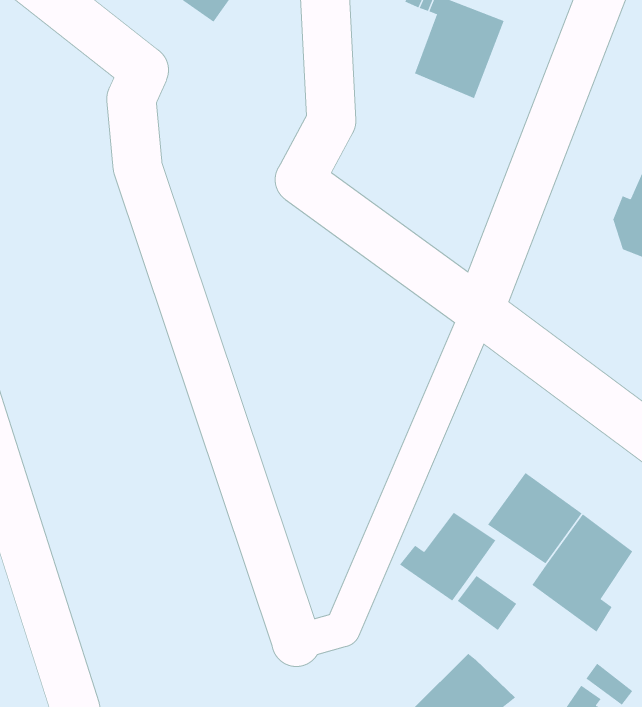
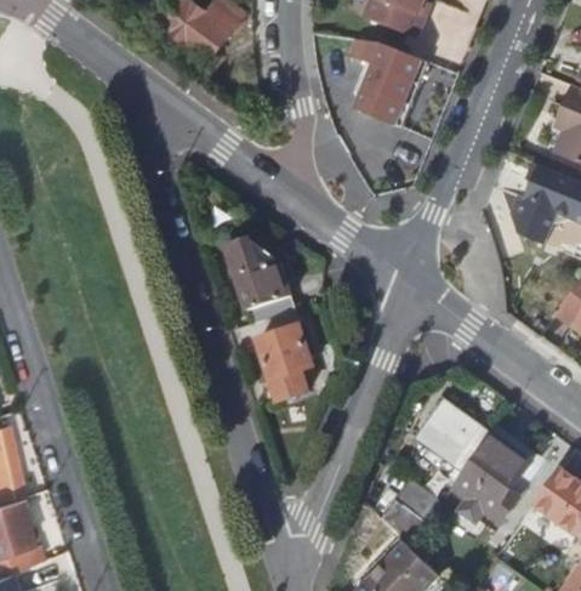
building: none -> [227,240,295,322]
building: none -> [256,325,314,400]
building: [399,512,496,602] -> none

